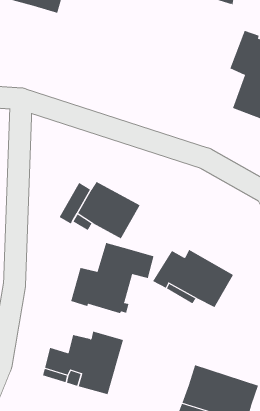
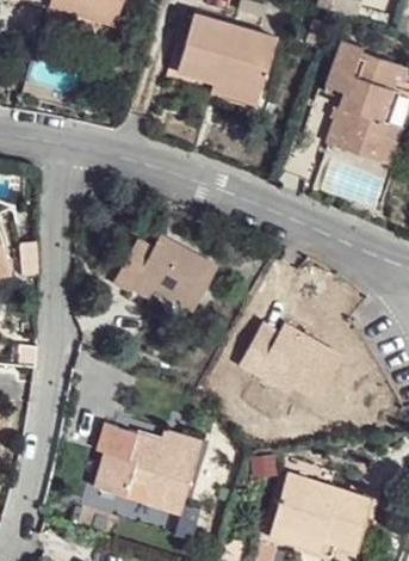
building: none -> [181,13,283,87]
building: [70,242,154,314] -> none

